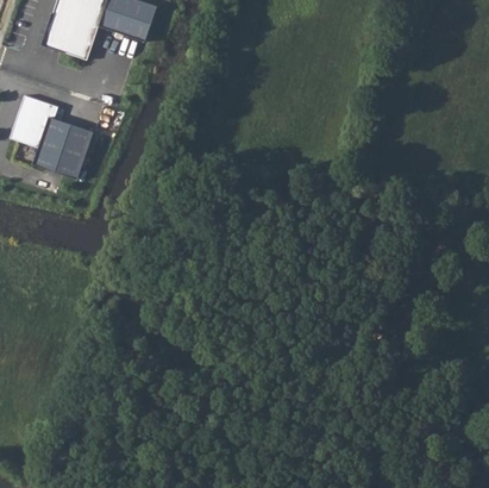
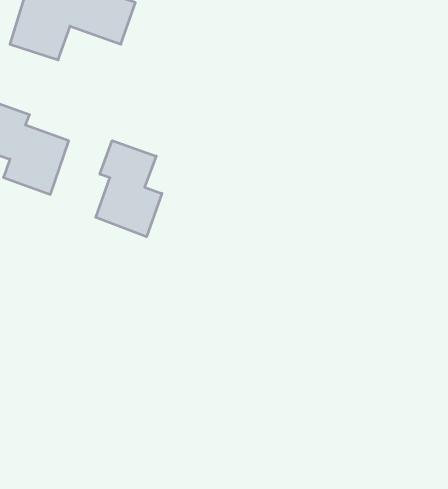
building: none -> [96,141,162,237]

